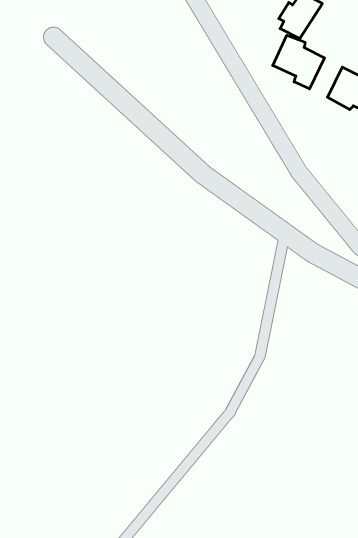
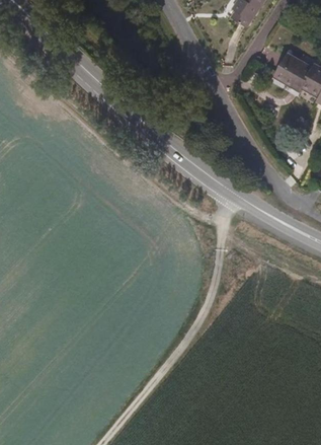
building: [273,35,324,89] -> none

